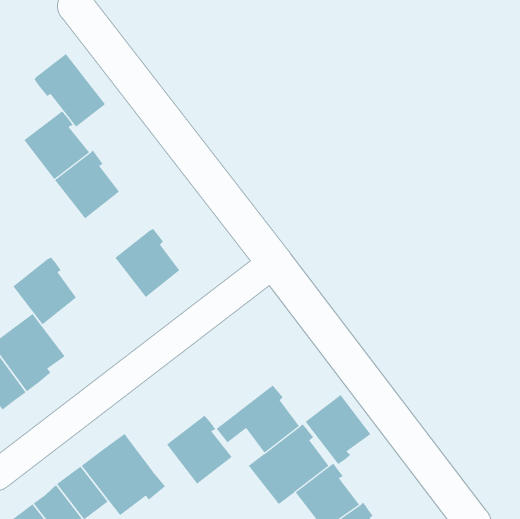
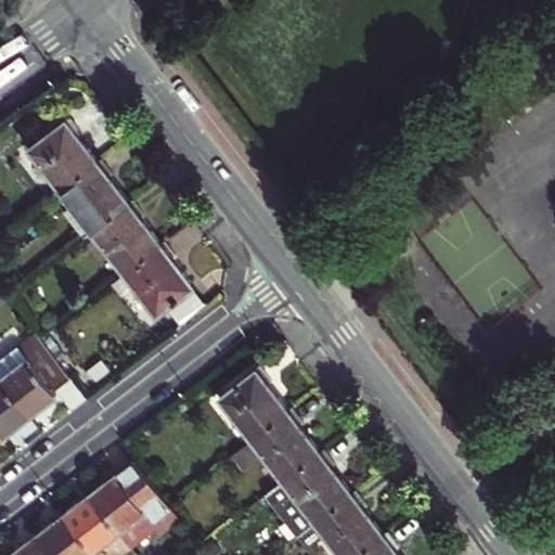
building: [34,53,106,127] -> none
building: [12,257,77,325] -> [90,205,158,278]
building: [305,394,371,465] -> none
building: [166,415,233,485] -> [216,370,286,443]

